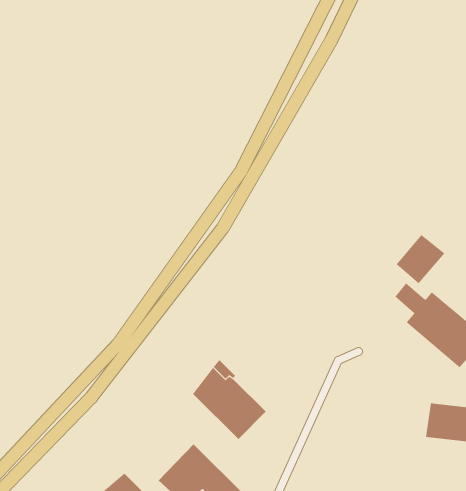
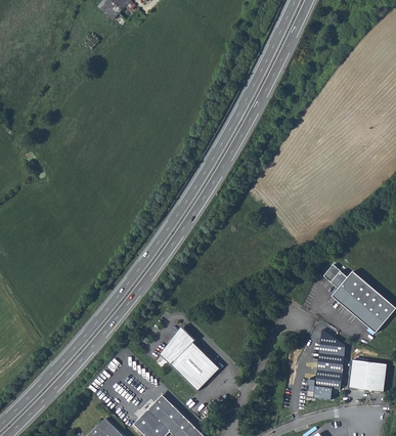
building: [396,234,445,284] -> none
building: none -> [305,331,345,401]

